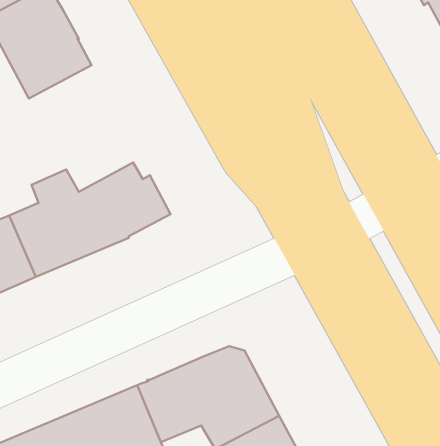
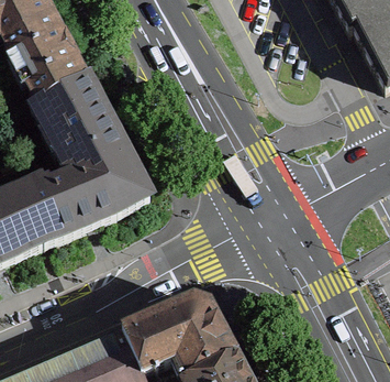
building: none -> [37,75,126,175]

